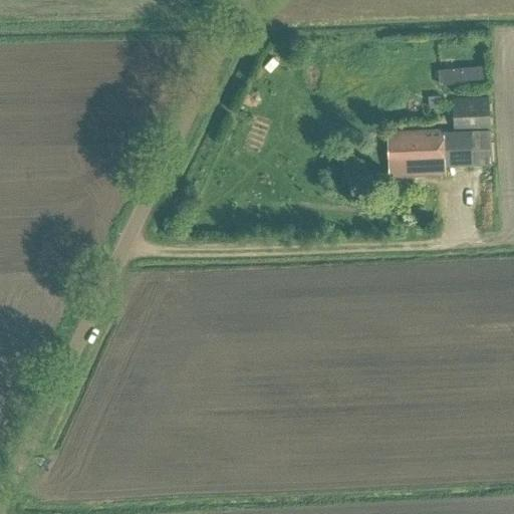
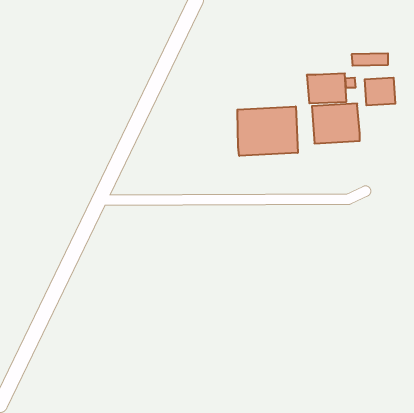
building: [443,130,492,167] -> [307,73,346,103]
building: none -> [237,106,298,156]

